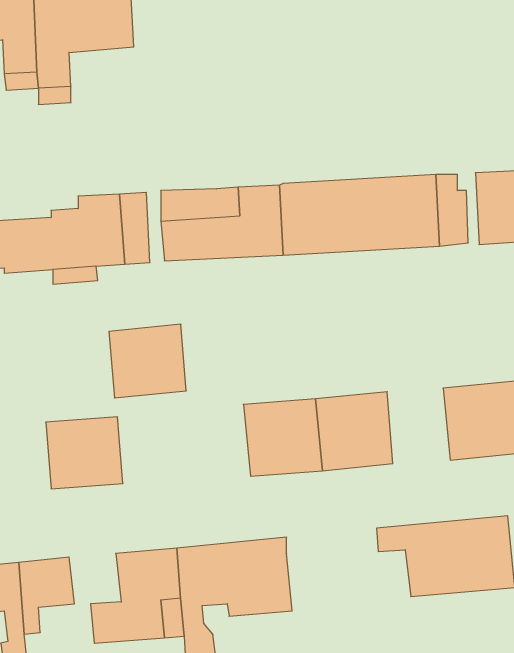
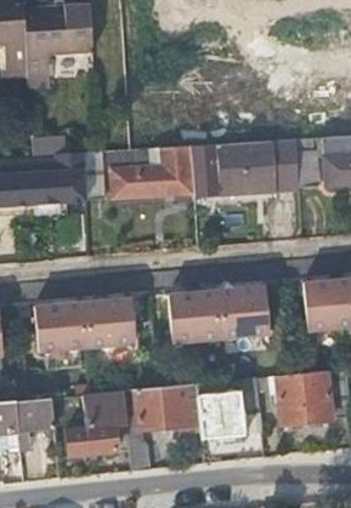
building: [109,324,186,398] -> [83,298,135,348]
building: none -> [197,378,259,440]

